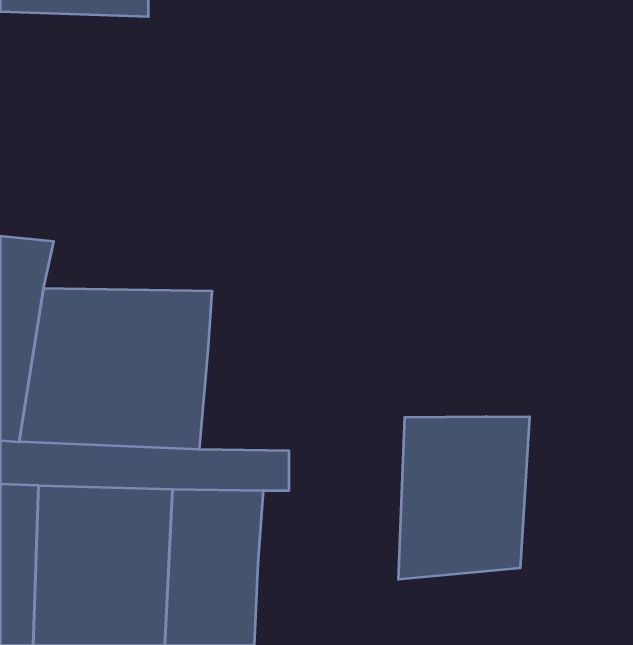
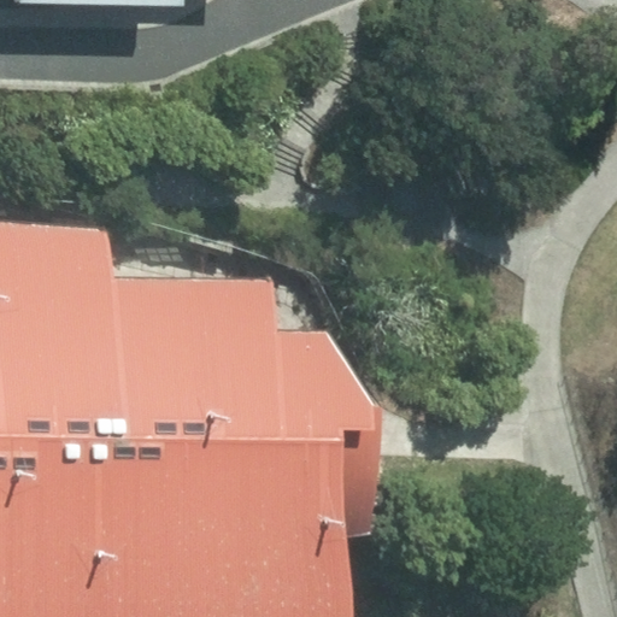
building: none -> [207,327,330,533]
building: [398,416,530,579] -> none

